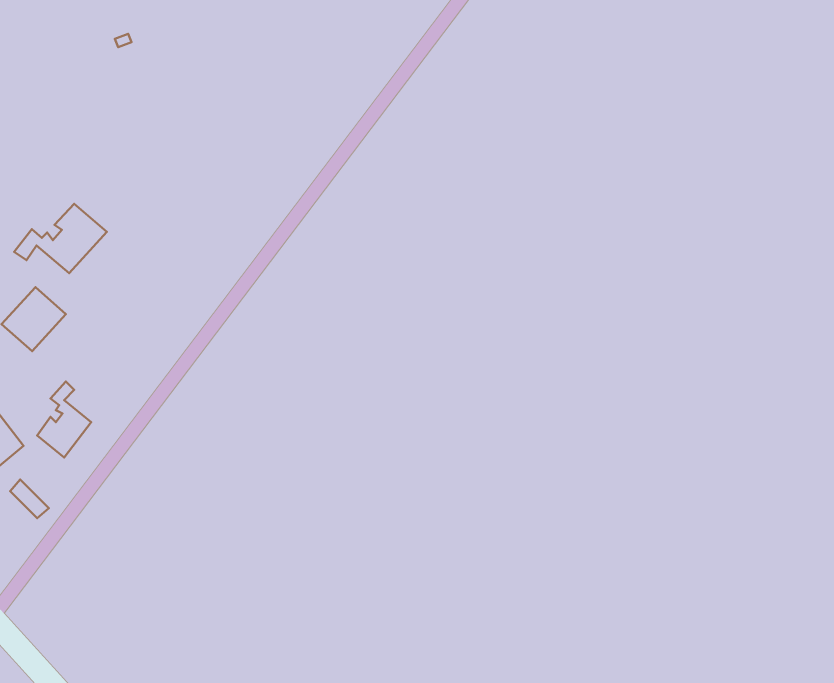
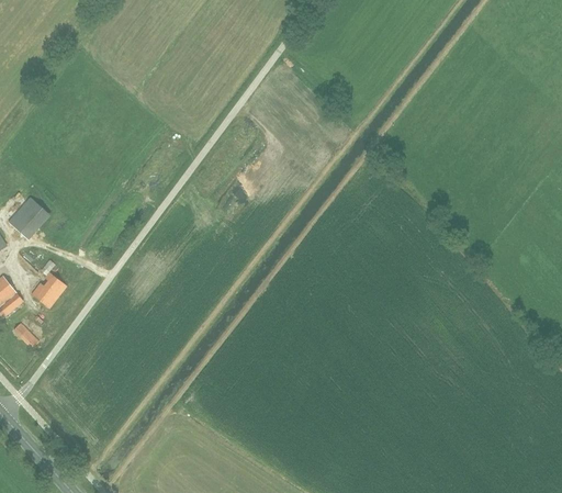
building: [14,204,107,273] -> none

